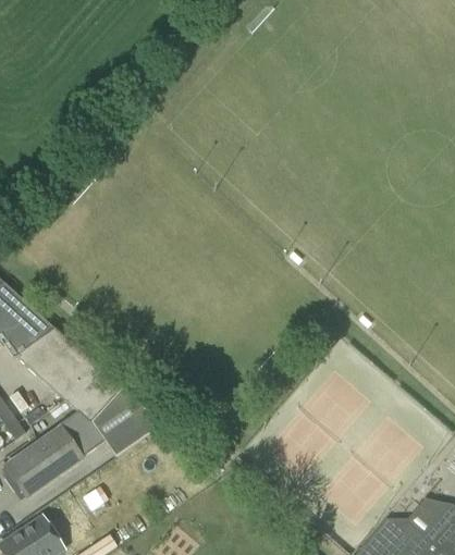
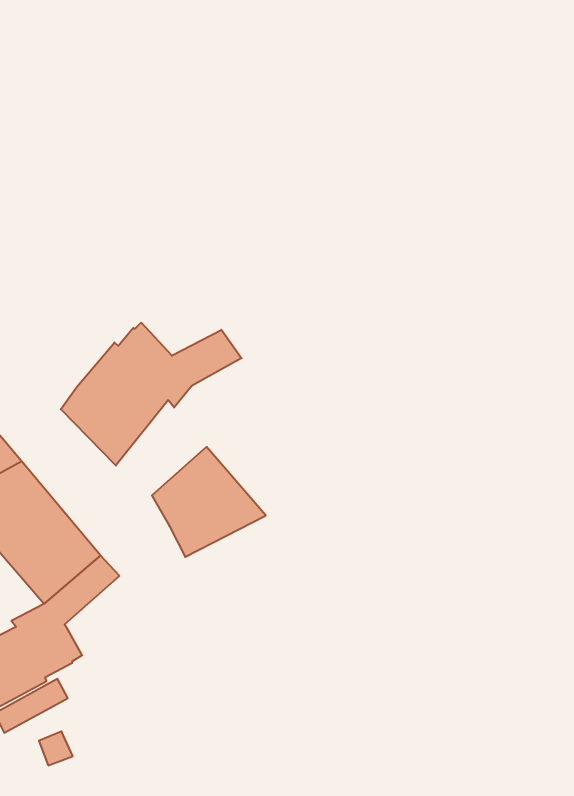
building: none -> [61,323,242,466]
building: [90,388,161,457] -> [152,447,266,557]

